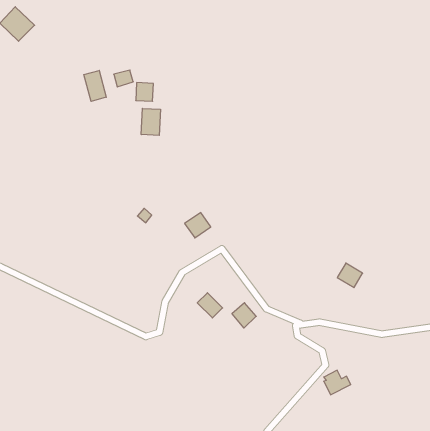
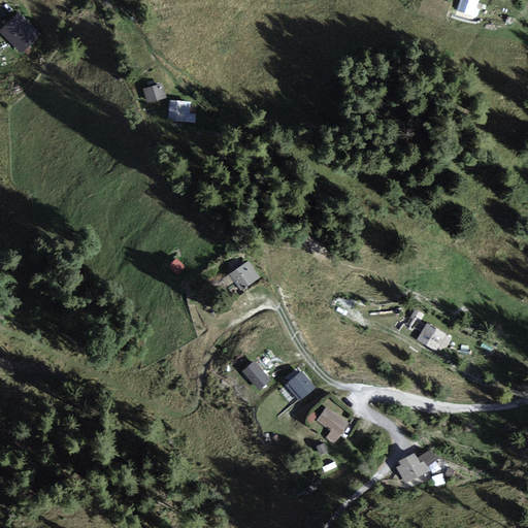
building: [84,70,106,101] -> none
building: [141,108,160,135] -> none
building: none -> [315,406,349,443]

